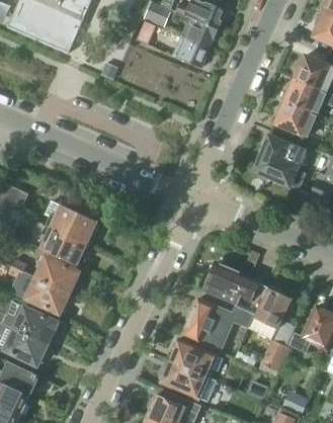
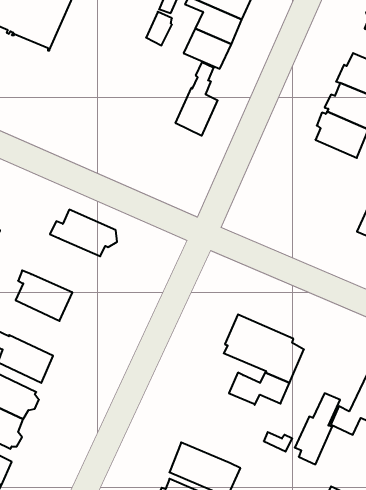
building: none -> [176,62,218,136]
building: [254,136,307,189] -> none
building: [47,206,99,243] -> [50,210,117,256]
building: [36,255,81,292] -> none
building: [249,287,292,340] -> none
building: [183,299,228,349] -> none
building: [171,339,216,376] -> none

